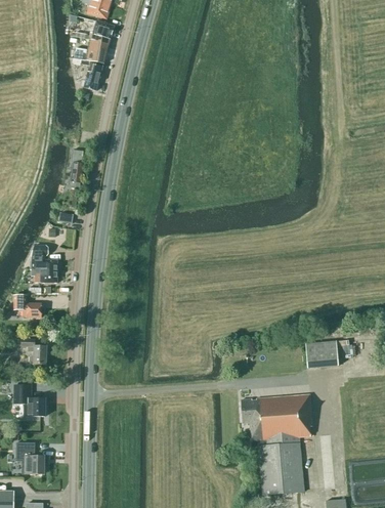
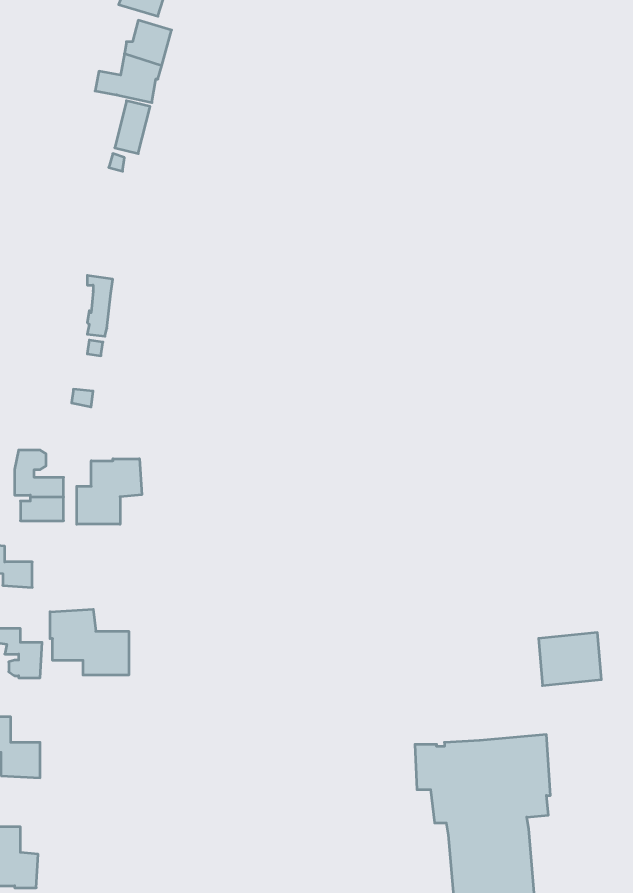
building: none -> [77,459,142,524]
building: none -> [50,609,129,675]

